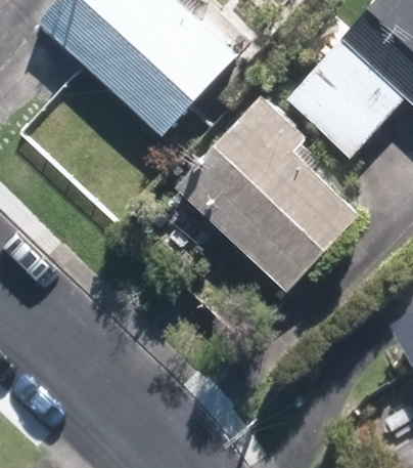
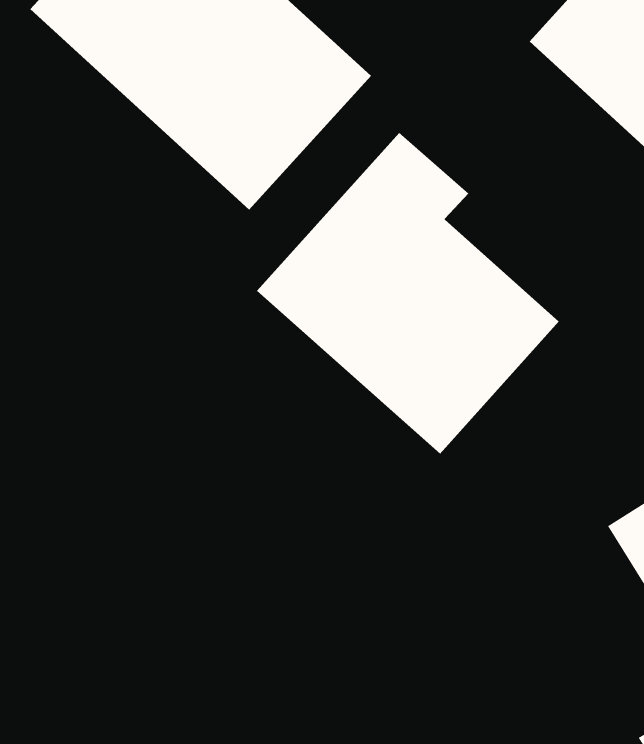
building: [287,41,402,154] -> none

